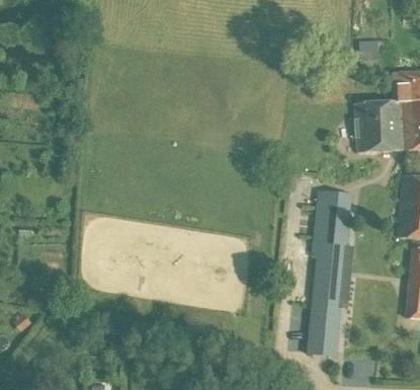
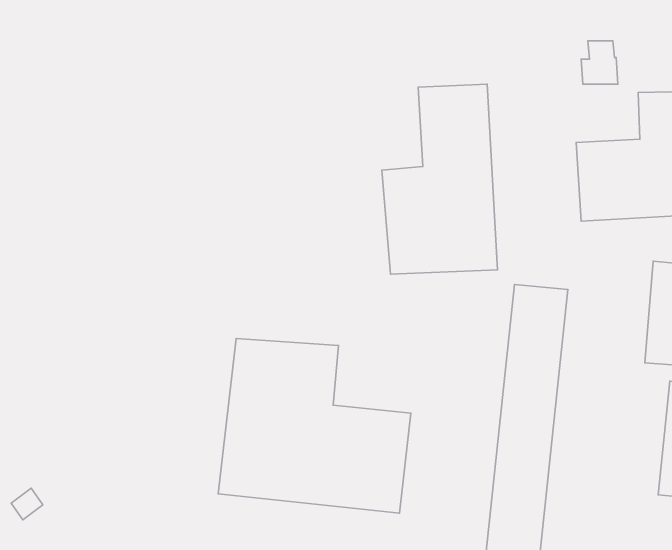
building: none -> [382,84,497,274]
building: none -> [218,339,411,513]

